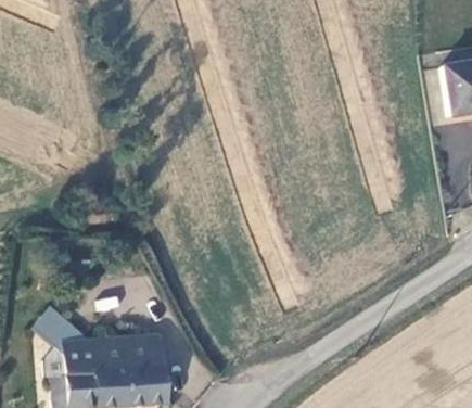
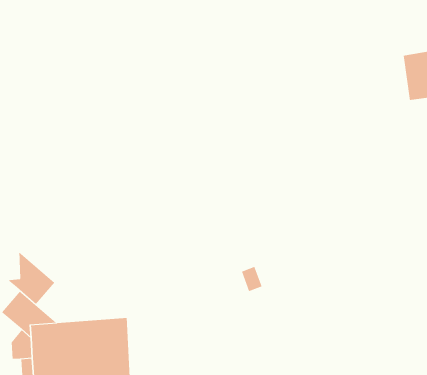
building: none -> [7,251,55,305]

